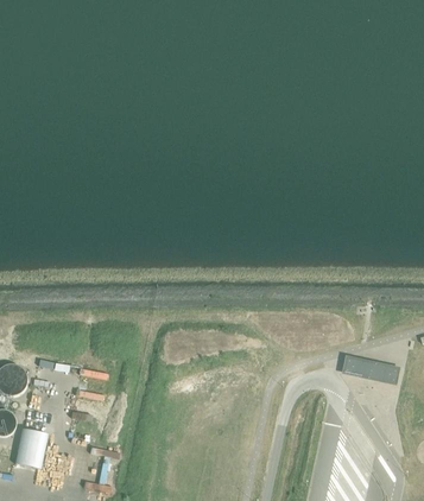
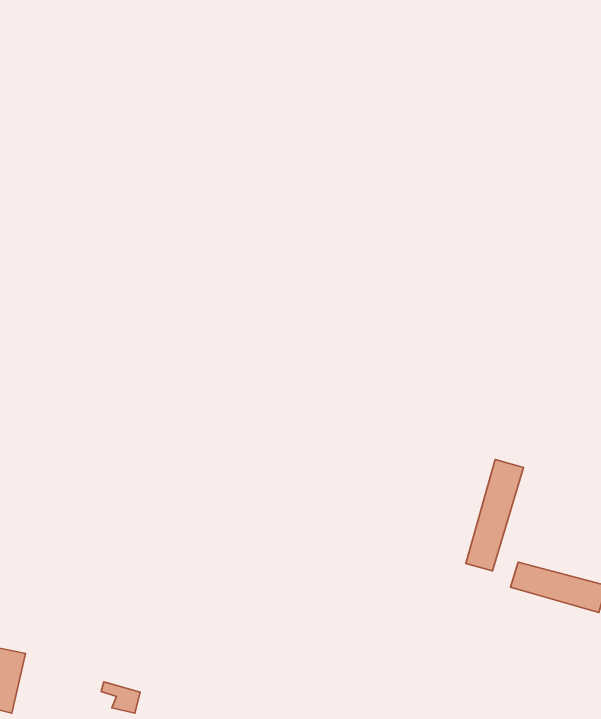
building: none -> [466,460,524,571]

